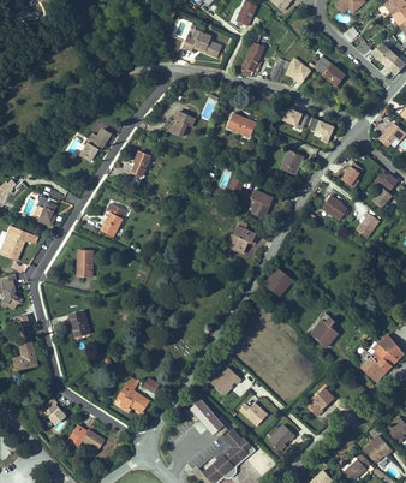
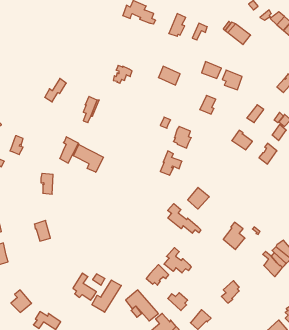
building: none -> [74,144,103,172]
building: none -> [168,204,201,233]
building: none -> [164,248,191,273]
building: none -> [92,280,121,312]

